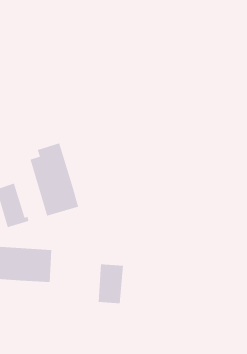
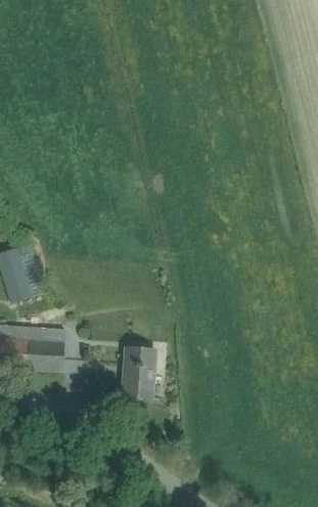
building: [30,143,79,216] -> none

